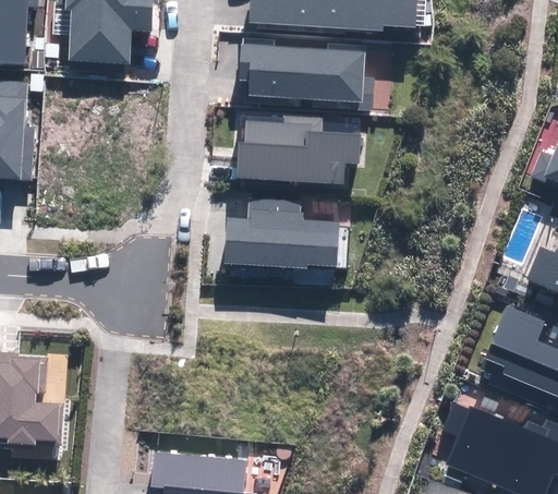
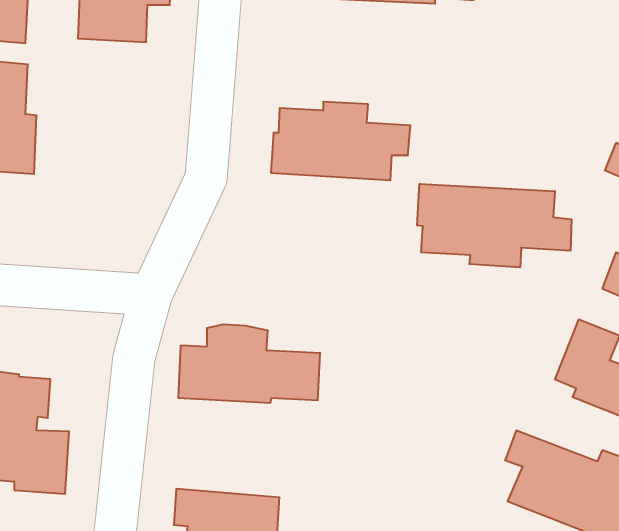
building: [239,38,372,109] -> none
building: none -> [417,184,571,267]
building: [225,198,349,267] -> [178,324,320,403]

